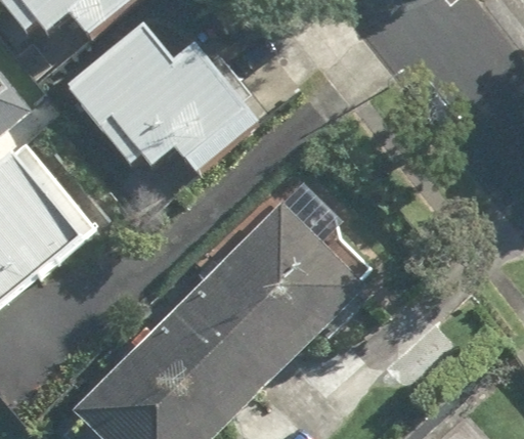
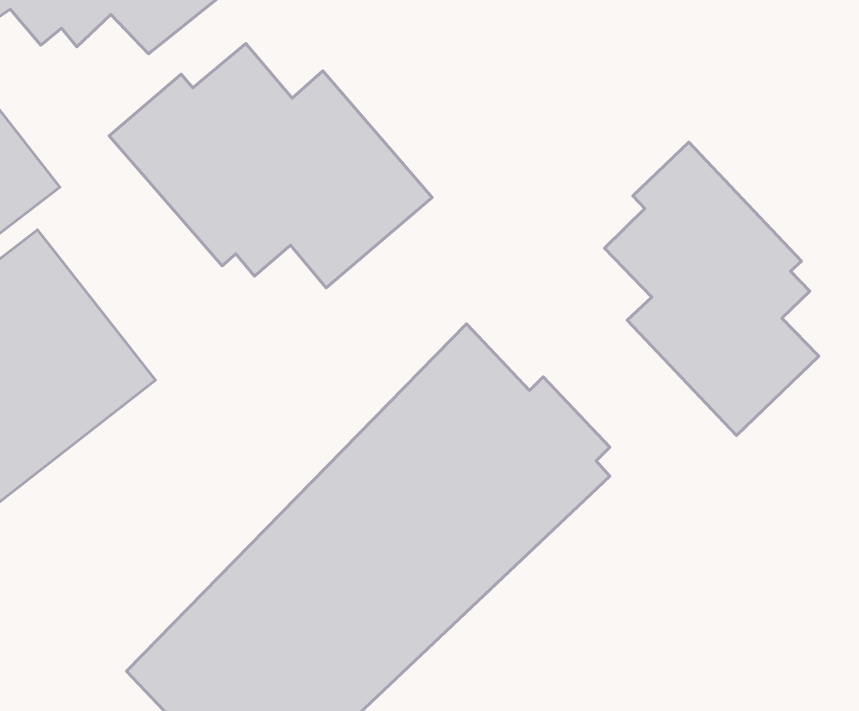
building: none -> [604,142,819,435]

